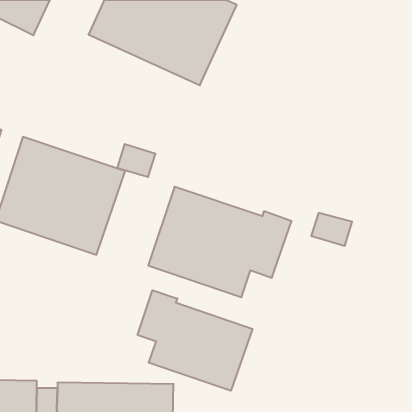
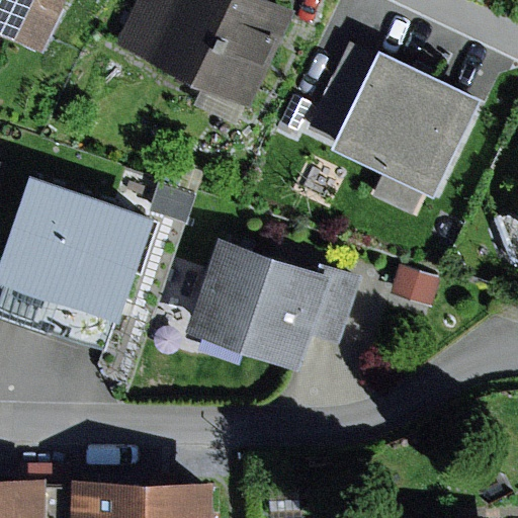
building: none -> [303,47,483,197]
building: [138,290,252,391] -> none

